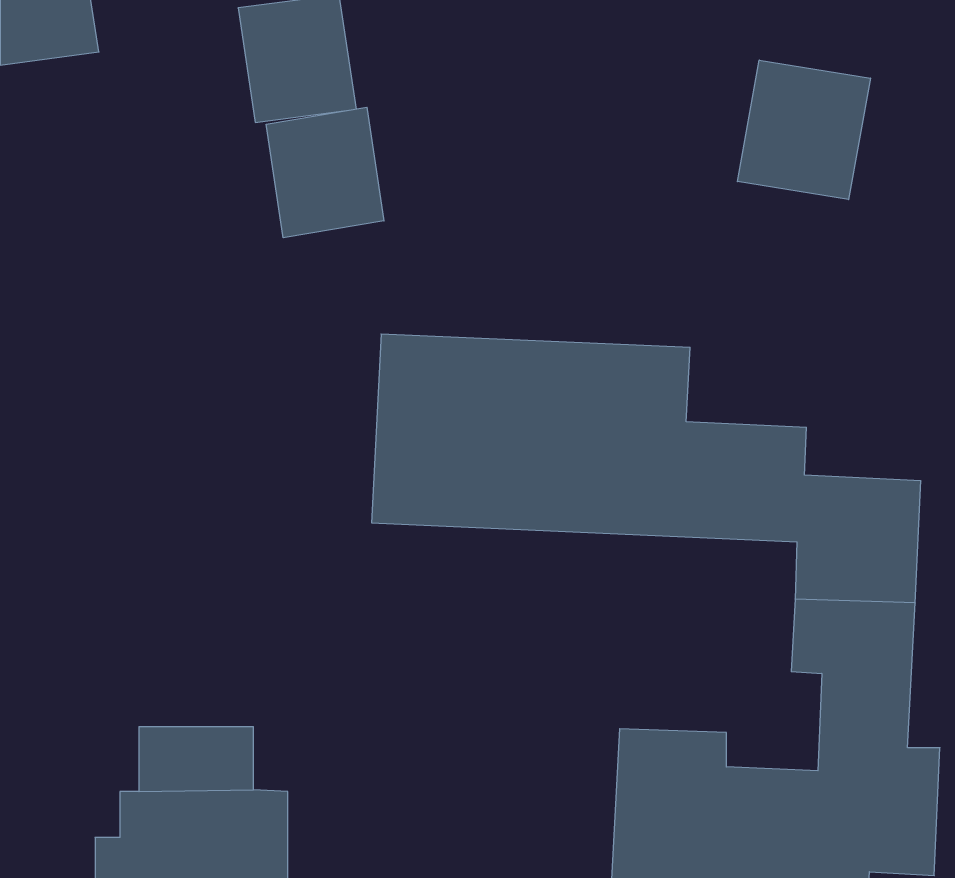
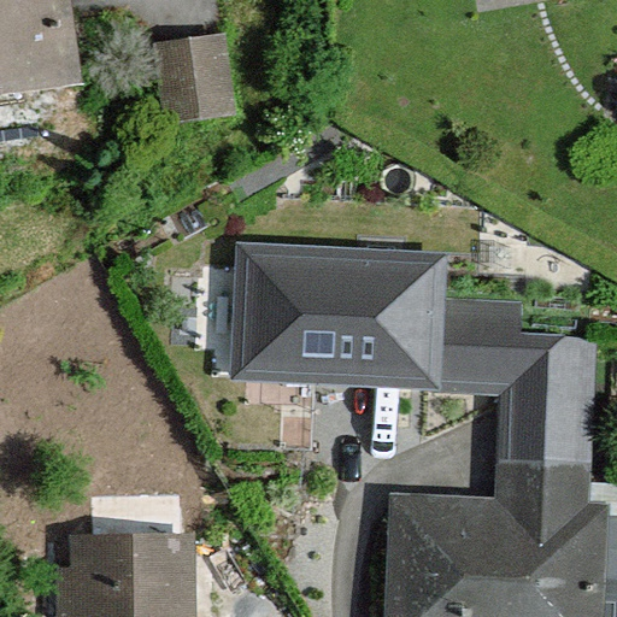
building: [737,60,870,200] -> none
building: [266,107,384,238] -> none

